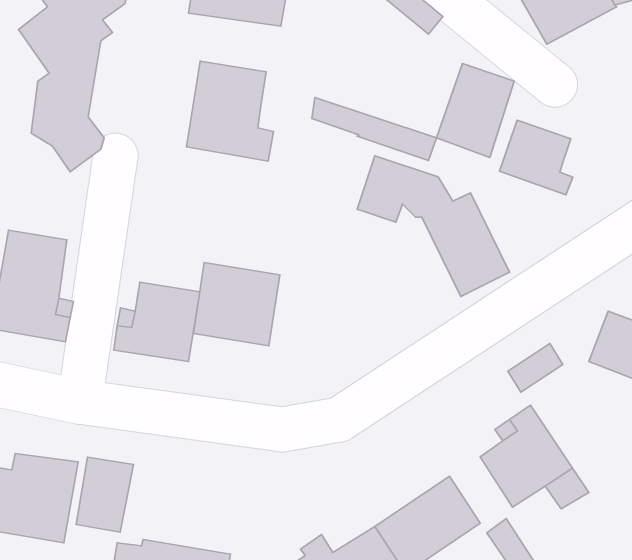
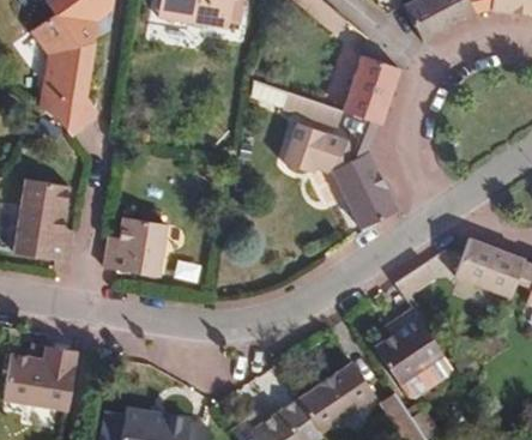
building: [186,61,274,161] -> none
building: [500,120,573,195] -> none
building: [193,263,280,346] -> none
building: [76,457,133,532] -> none

